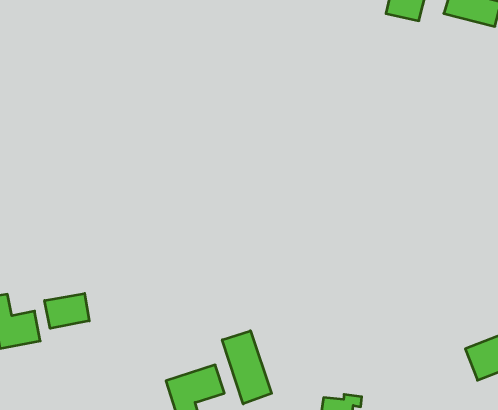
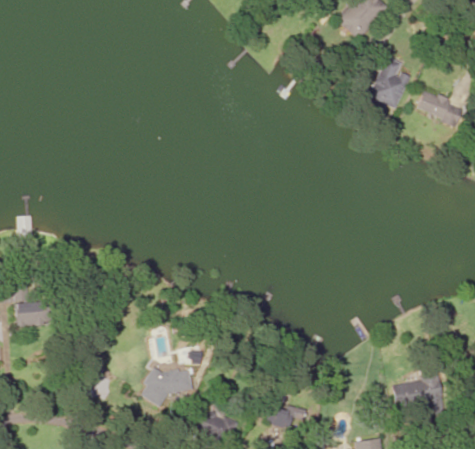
building: [45,293,89,328] -> none
building: [222,331,272,404] -> none

